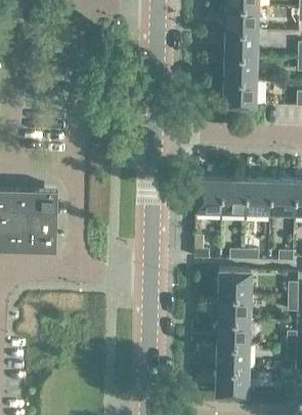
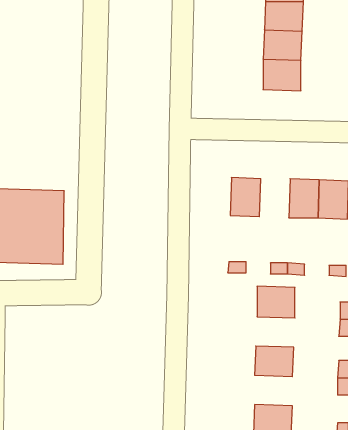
building: [222,182,248,215] -> none
building: [219,298,252,324] -> none
building: [218,347,250,373] -> none

